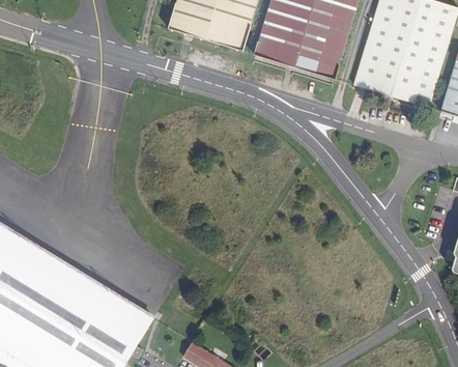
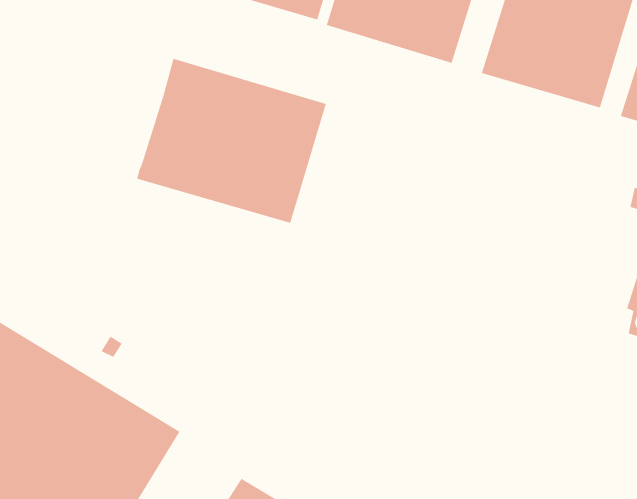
building: none -> [136,58,327,224]

